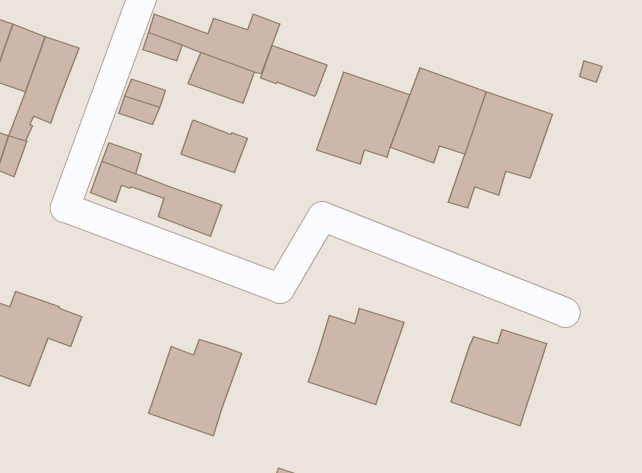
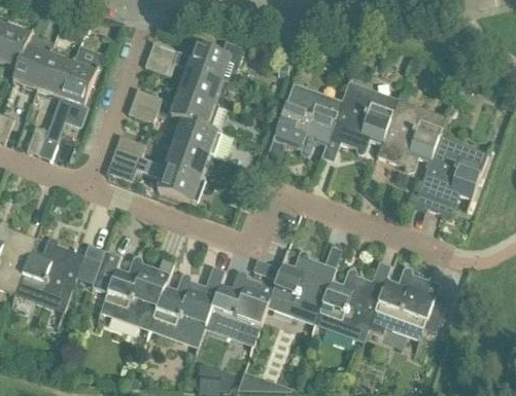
building: [261,45,327,96] -> [170,92,218,129]
building: none -> [417,135,485,215]
building: none -> [165,143,212,180]
building: none -> [92,250,170,331]
building: none -> [315,272,383,341]
building: none -> [203,277,273,346]

